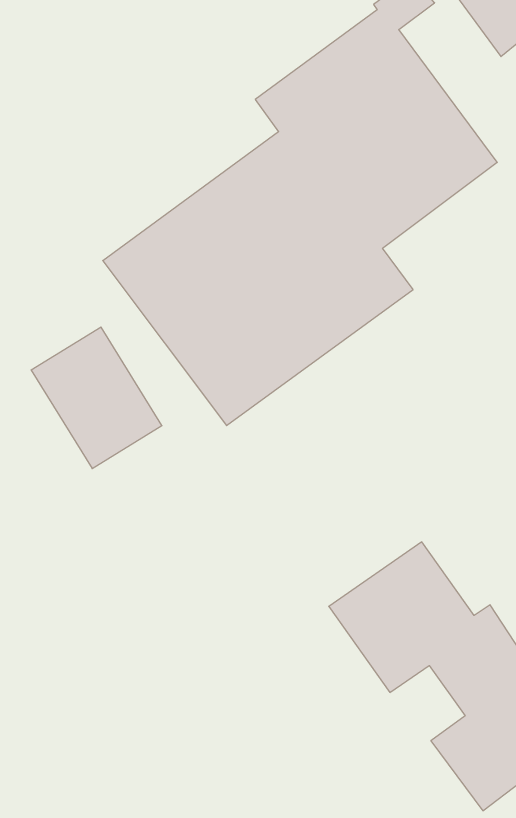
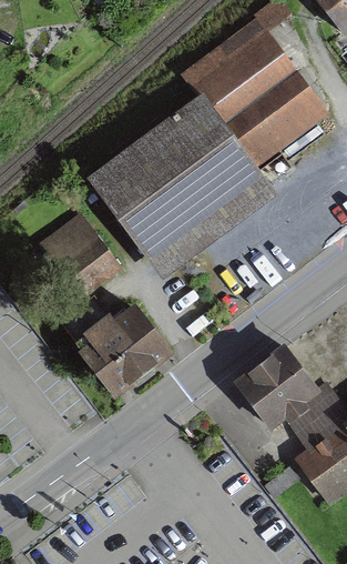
building: none -> [67,306,164,399]

